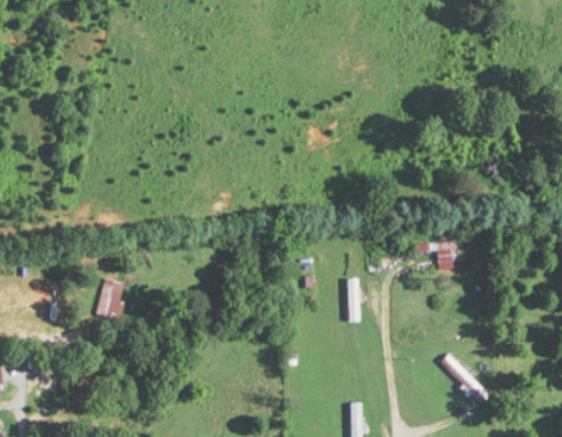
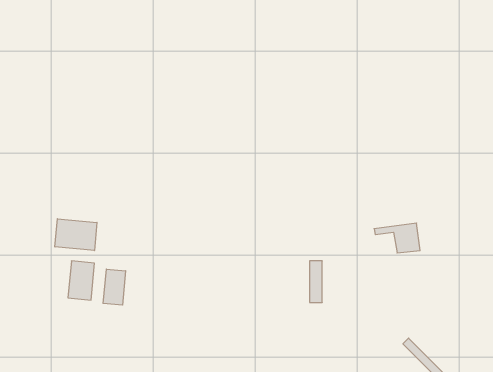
building: none -> [55,219,97,251]
building: none -> [103,269,126,305]

